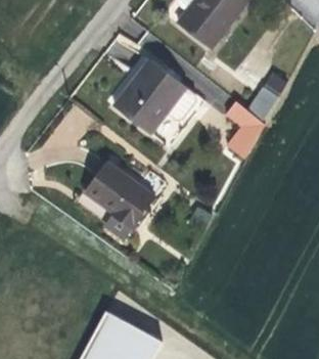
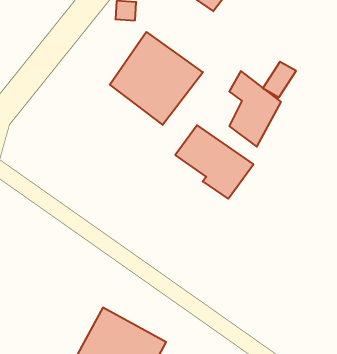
building: [83,164,152,229] -> [175,125,253,199]

